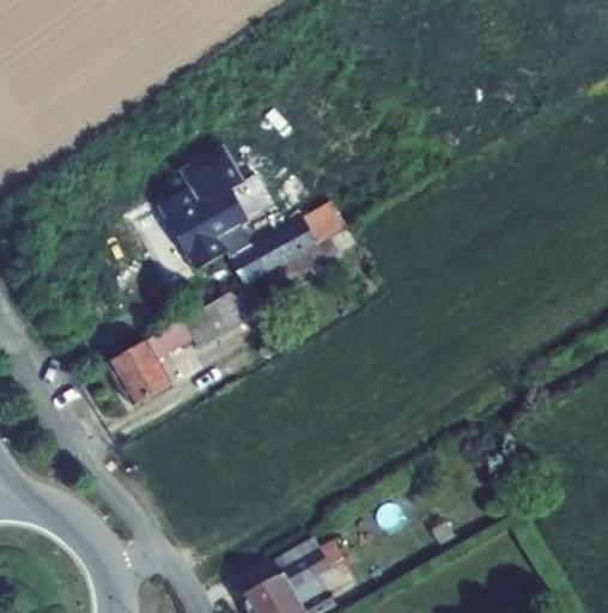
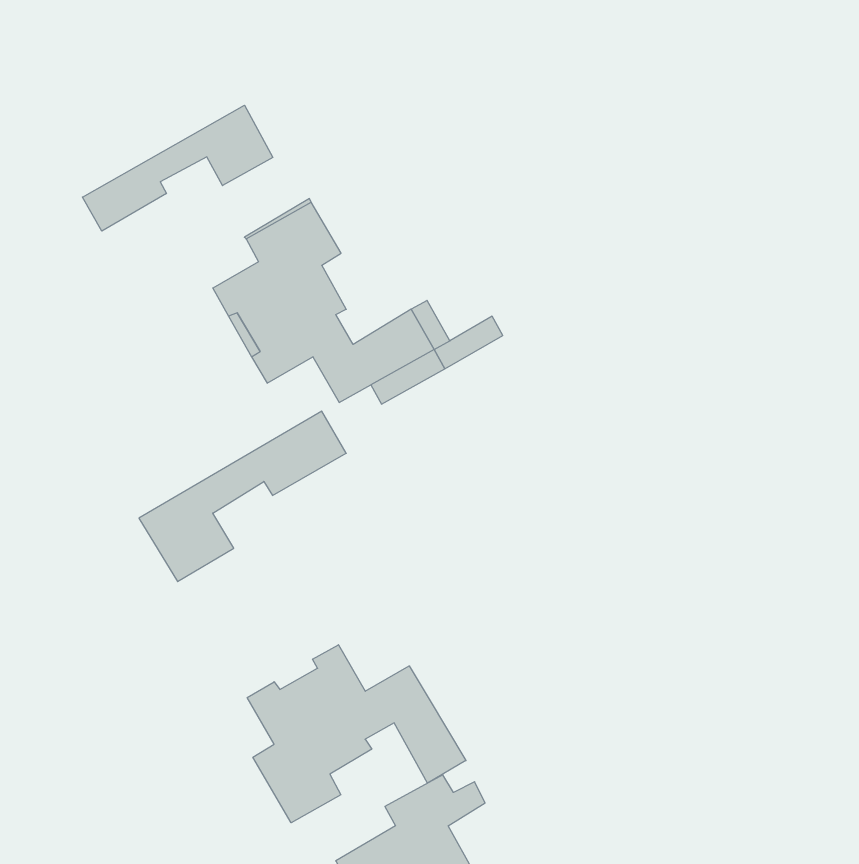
building: none -> [82,105,273,231]
building: none -> [247,645,466,823]

